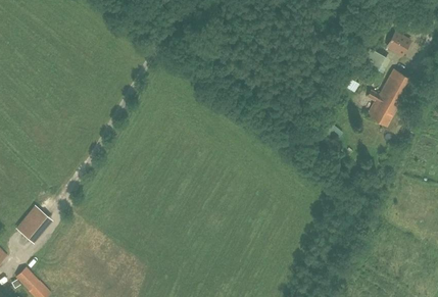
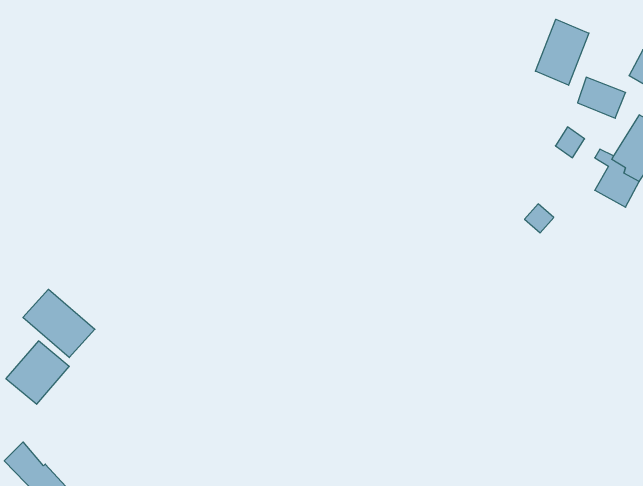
building: none -> [535,19,589,85]
building: none -> [23,289,95,358]

